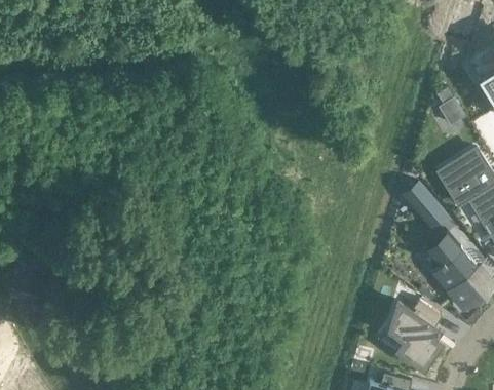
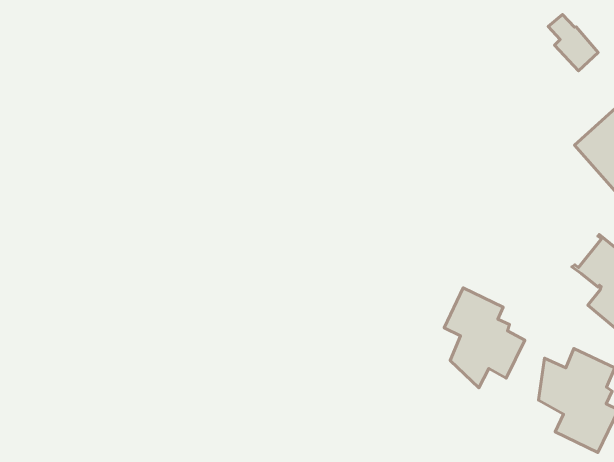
building: [404,183,446,227] -> none
building: none -> [444,288,525,388]

